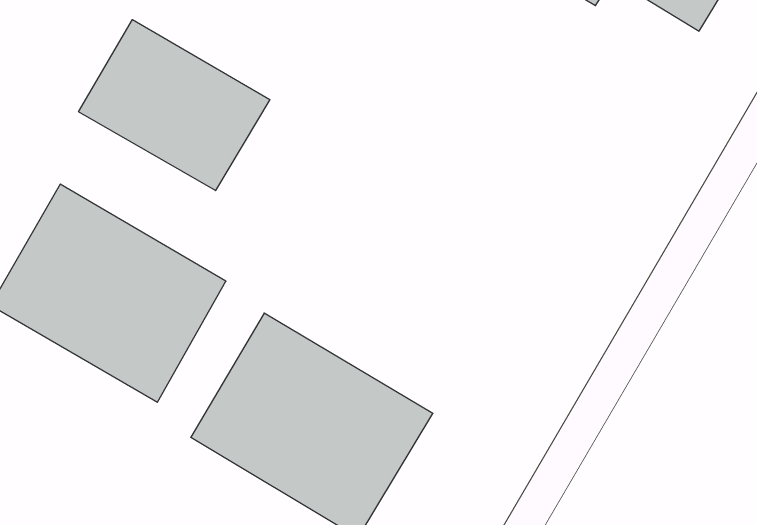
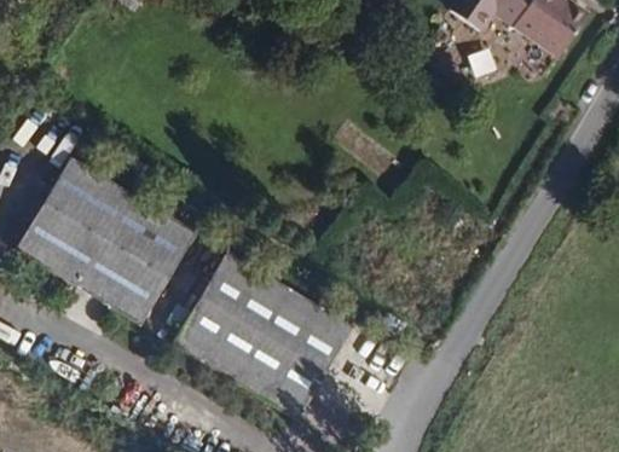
building: [79,20,270,191] -> none

